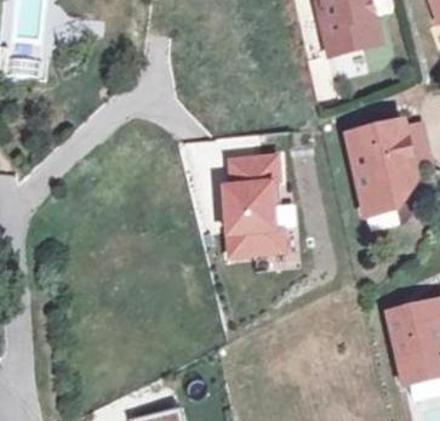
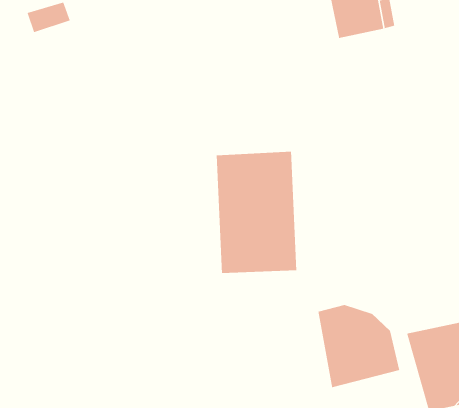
building: [348,124,415,214] -> none
building: none -> [317,304,400,388]

